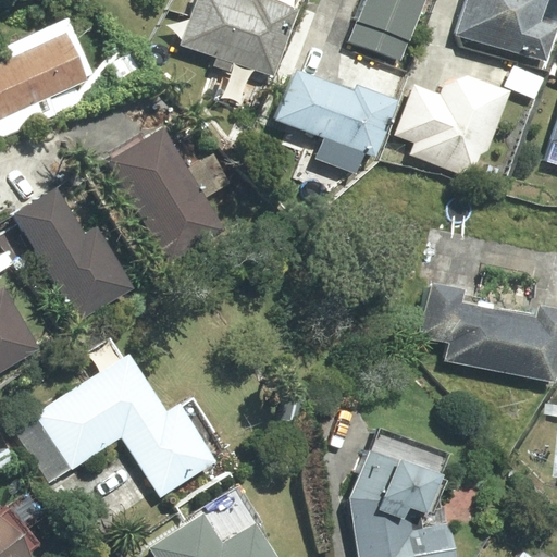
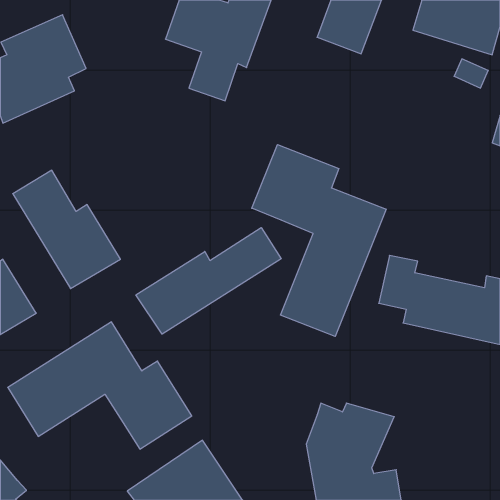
building: [277,70,395,174] -> none
building: [396,75,510,176] -> none
building: [109,128,231,261] -> none
building: none -> [252,145,386,336]
building: none -> [136,228,281,334]

